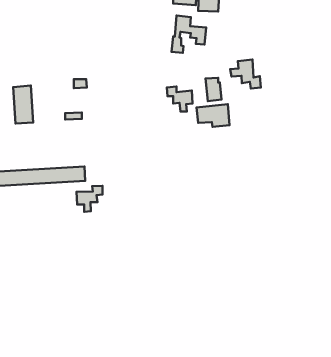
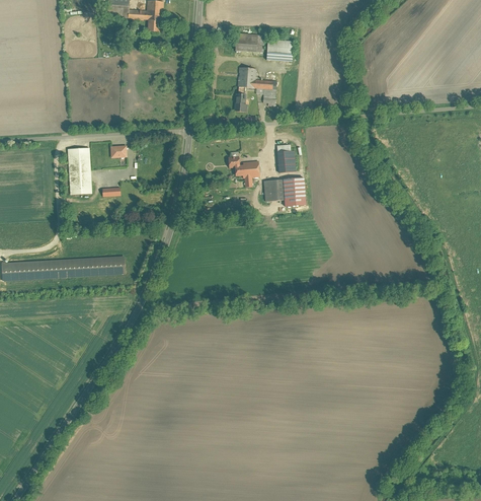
building: [230,60,261,88] -> none
building: [13,85,33,123] -> [67,147,92,195]
building: [76,186,103,212] -> none

